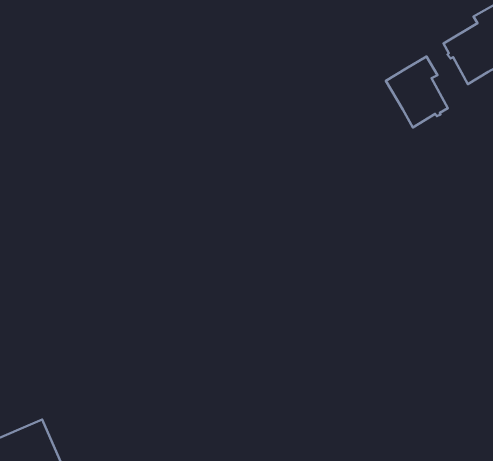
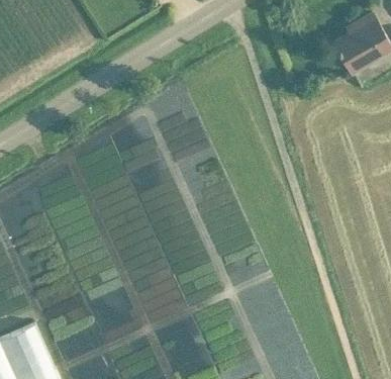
building: [386,57,448,127] -> none

